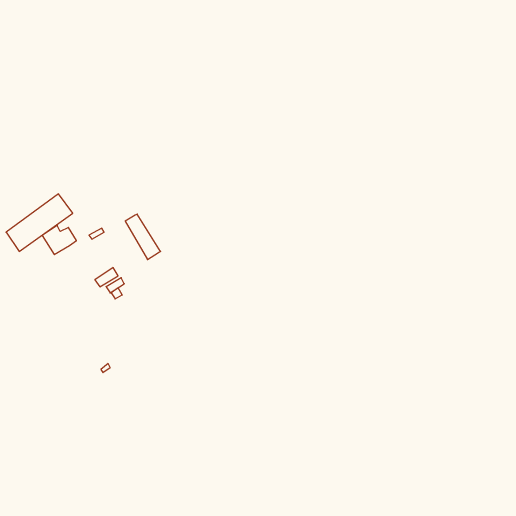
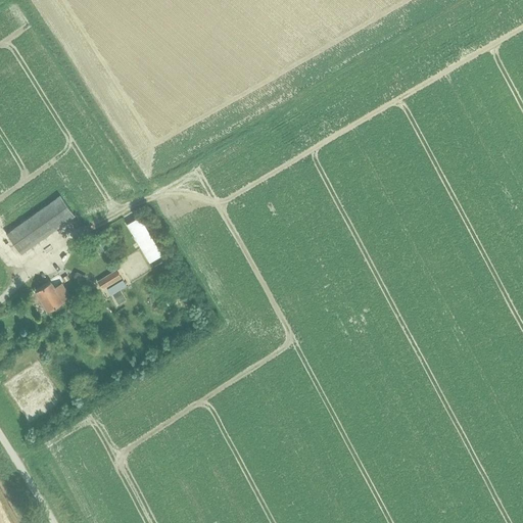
building: [42,225,76,255] -> [35,283,69,313]

